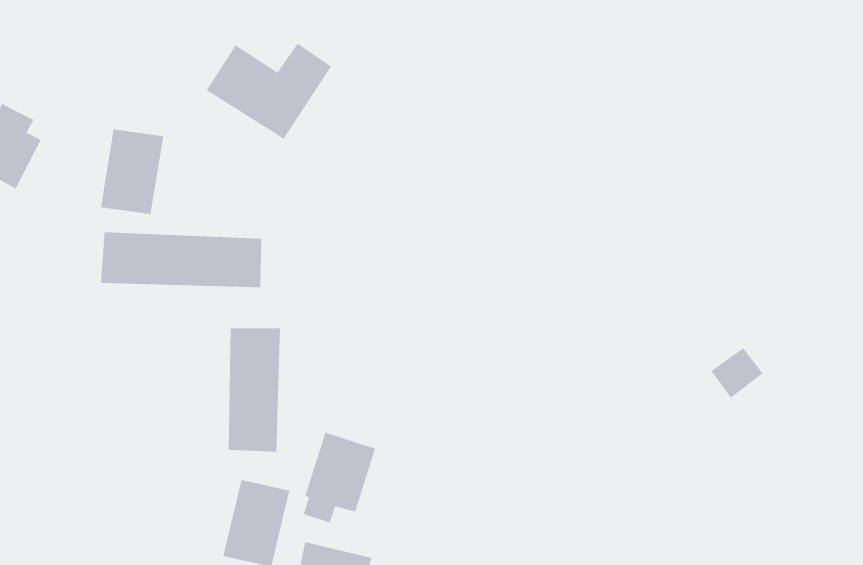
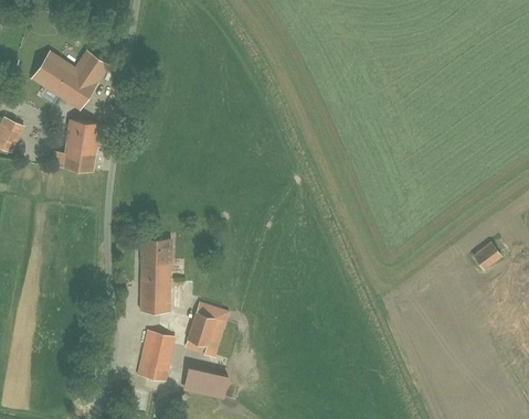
building: [206,43,332,140] -> [32,51,108,109]
building: [101,232,262,288] -> none
building: [711,347,764,399] -> [472,241,504,272]

